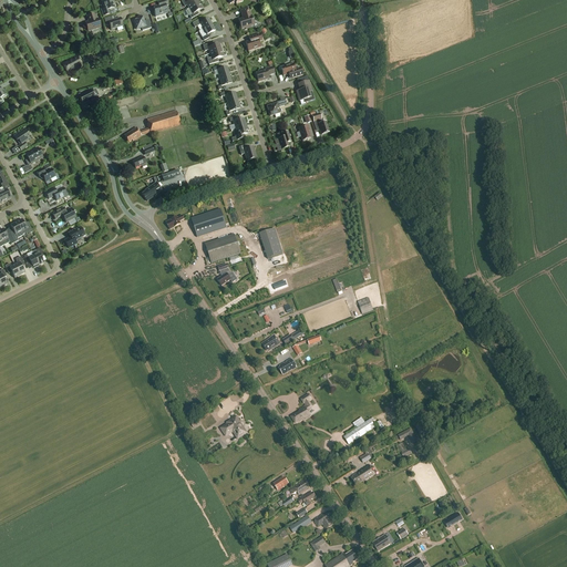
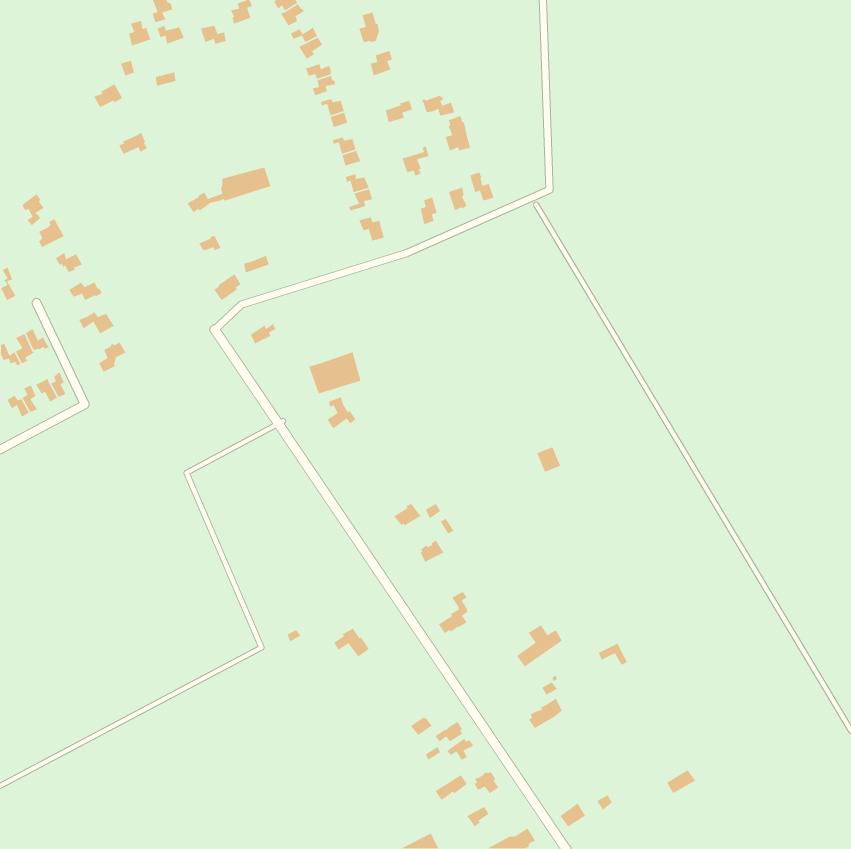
building: [190,209,226,237] -> none
building: [262,227,286,258] -> none

